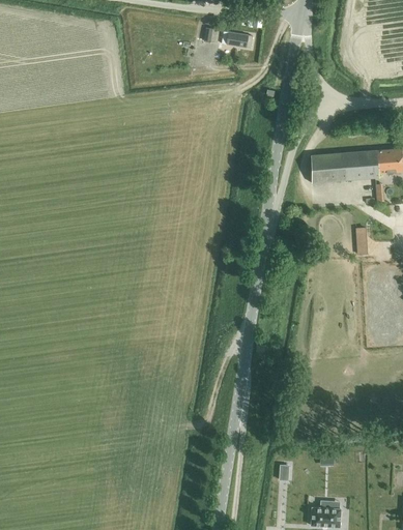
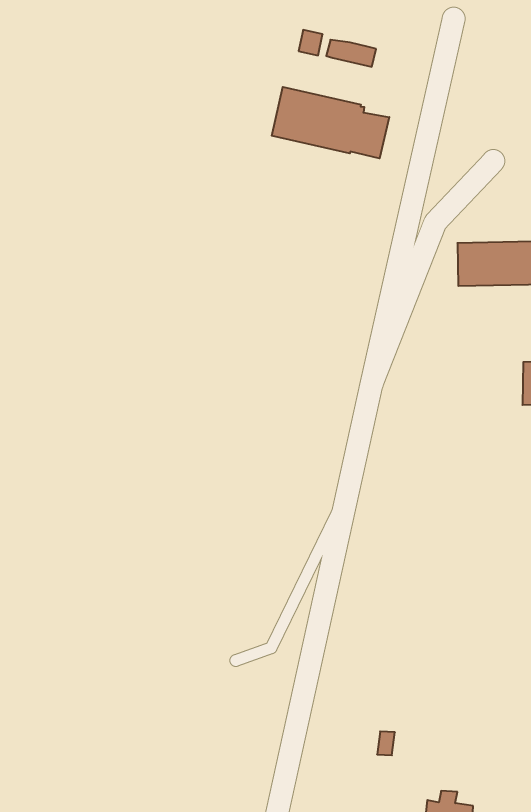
building: none -> [272,87,389,158]

